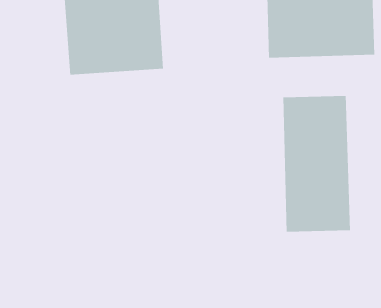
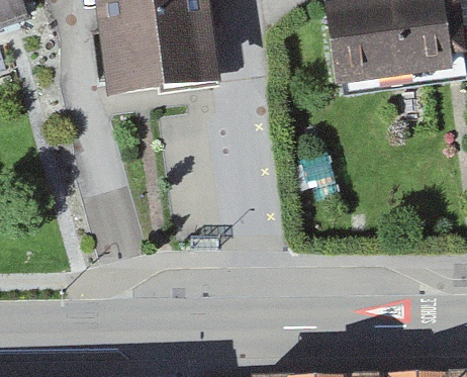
building: [283,95,350,232] -> none

